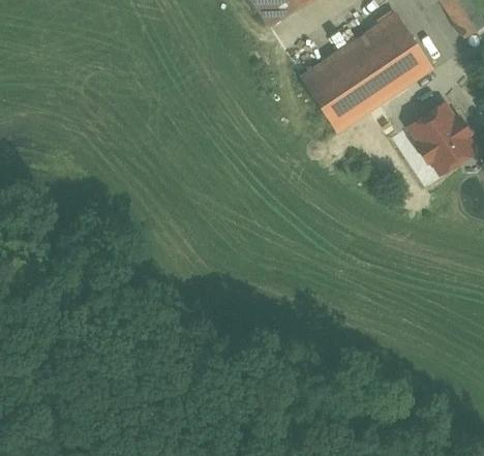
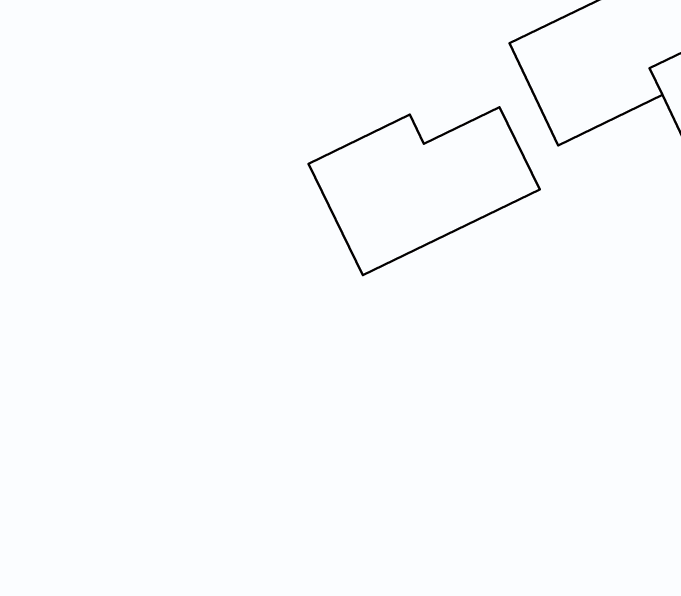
building: none -> [308,107,540,275]

